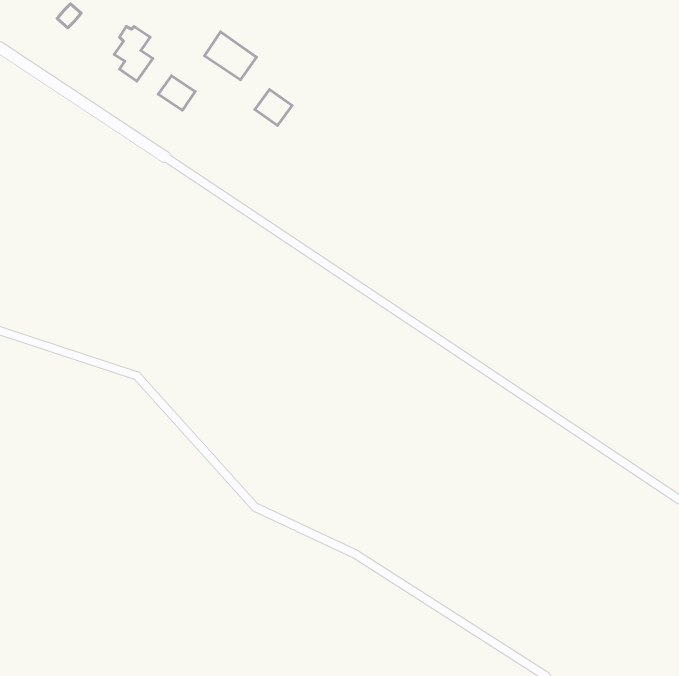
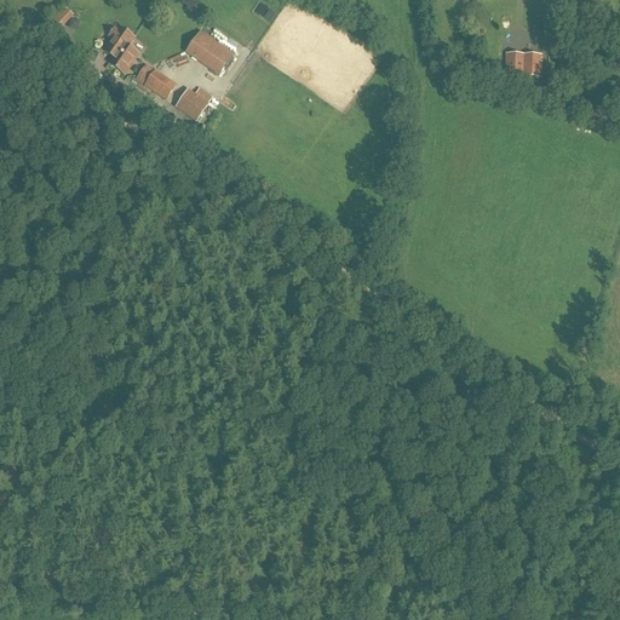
building: none -> [505,52,542,76]
building: [255,90,292,126] -> [176,88,209,121]

